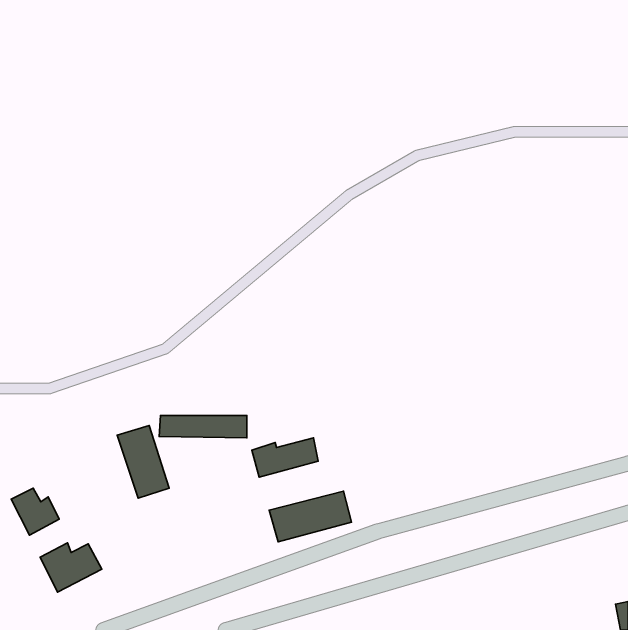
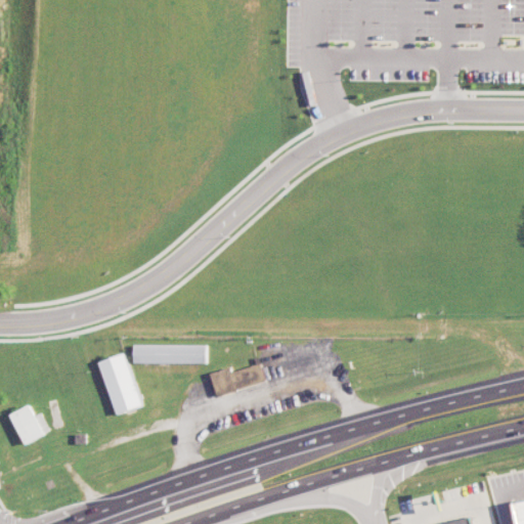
building: [269,491,352,542] -> none
building: [40,543,102,592] -> none

